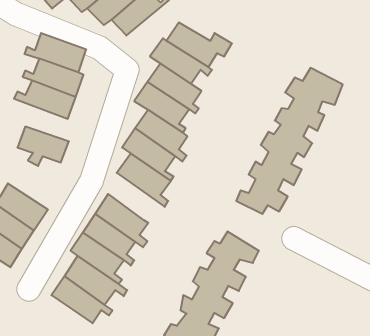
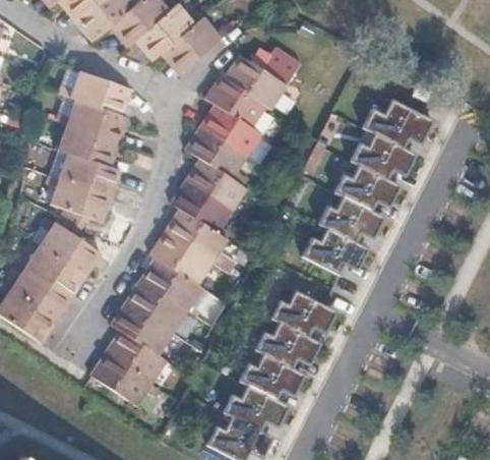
building: none -> [56,147,119,192]
building: none -> [39,215,101,272]
building: none -> [150,229,222,284]

